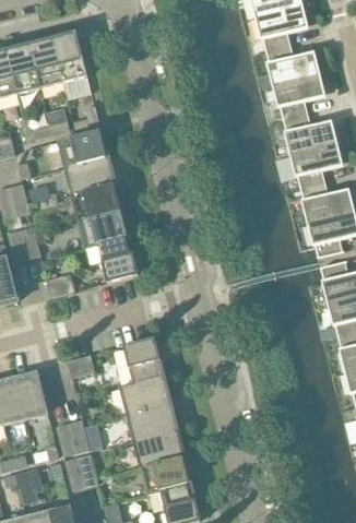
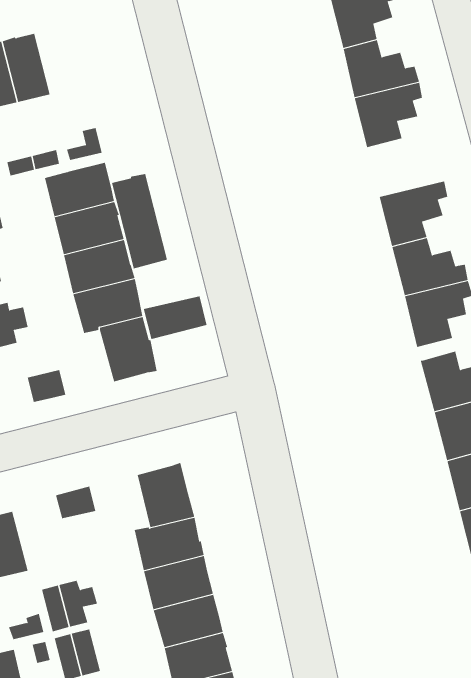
building: [52,33,92,99] -> [111,173,168,269]
building: [283,112,337,153] -> none
building: none -> [143,296,207,340]

